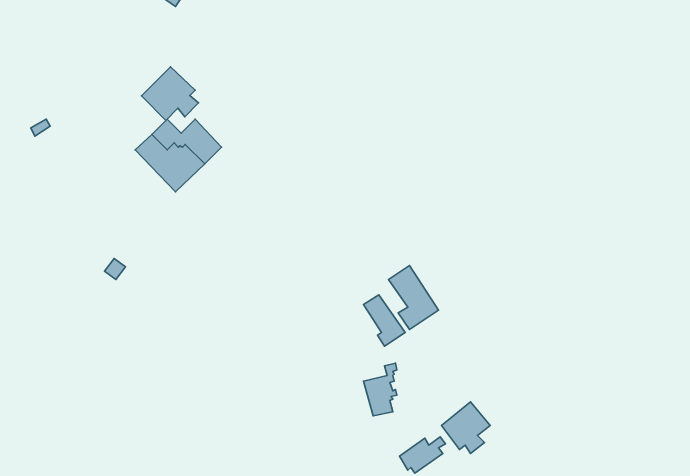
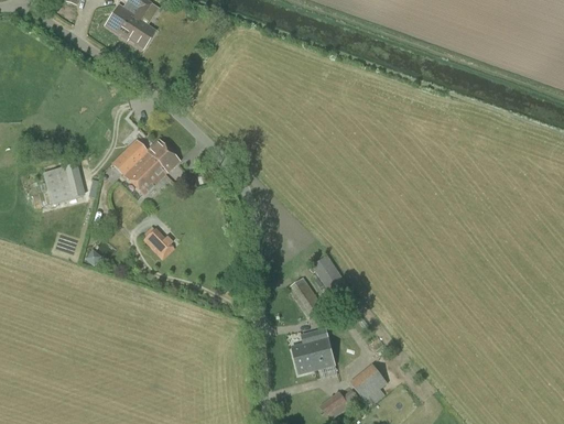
building: [141,67,199,121] -> none
building: none -> [44,164,84,204]
building: none -> [142,226,174,260]
building: none -> [312,329,335,370]

